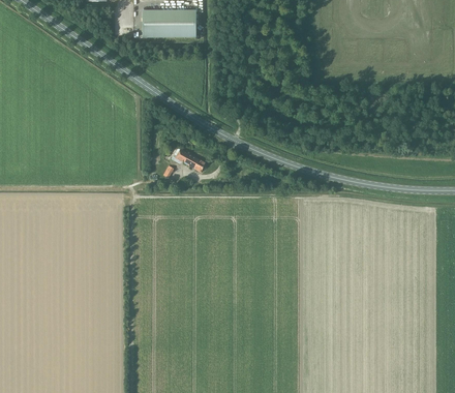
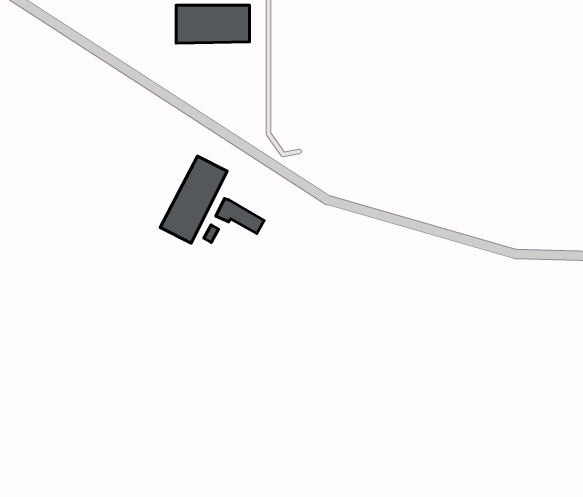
building: none -> [160,156,227,243]

